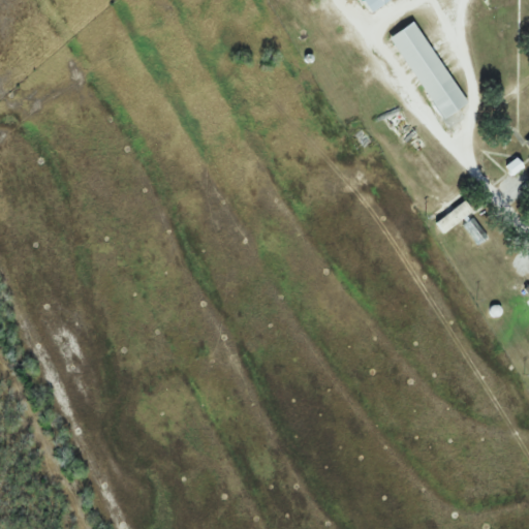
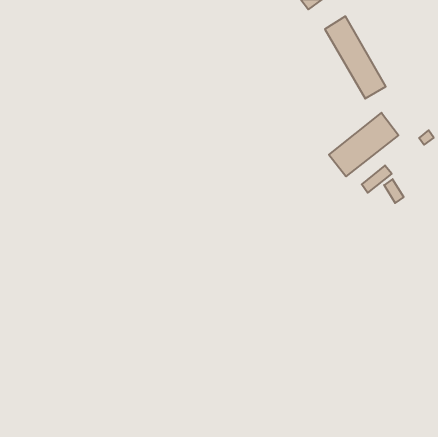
building: none -> [329,113,398,176]

